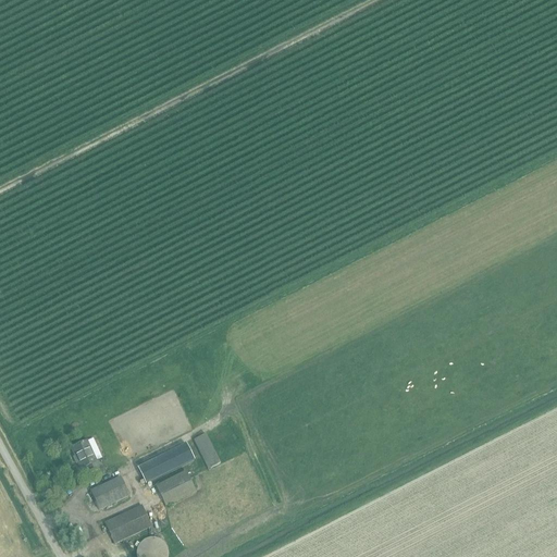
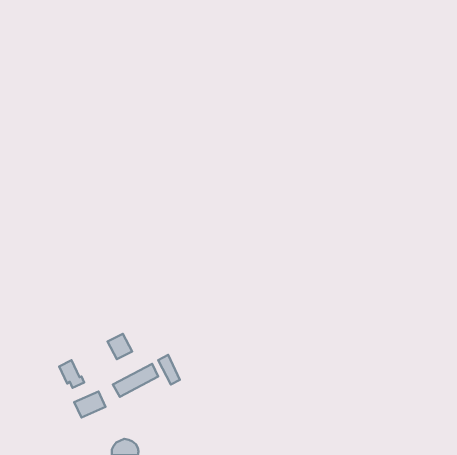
building: none -> [108,334,132,359]
building: [154,470,194,504] -> none
building: [104,505,150,542] -> none

